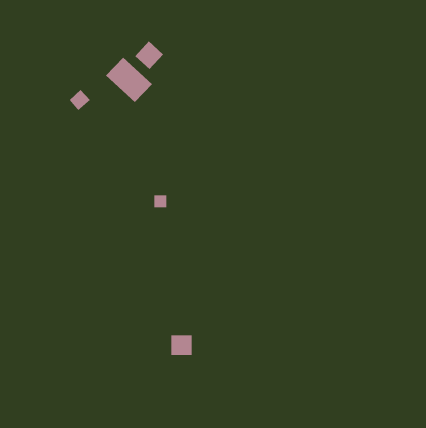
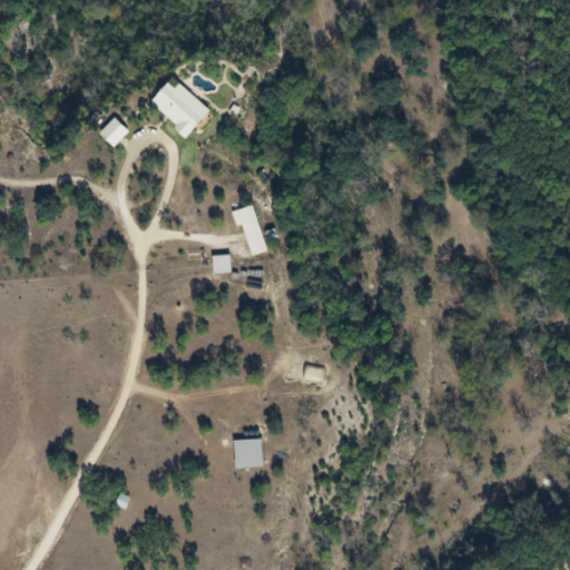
building: [135,41,164,70] -> none
building: none -> [238,205,264,255]

